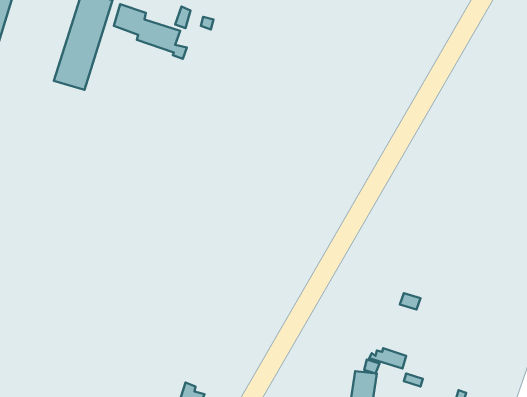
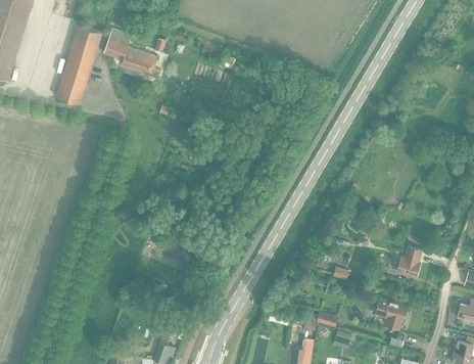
building: none -> [396,247,420,277]
building: none -> [375,299,406,329]

